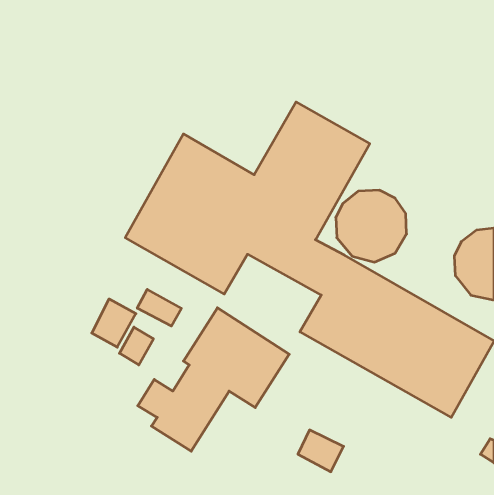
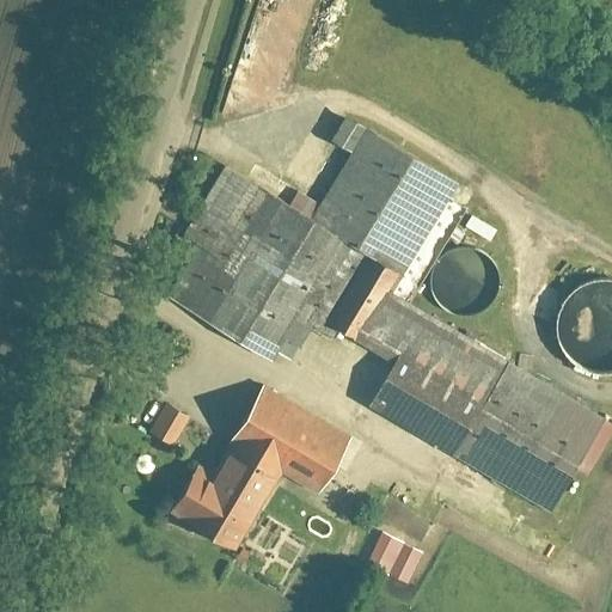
building: [137,289,181,326] -> none
building: [92,299,136,347] -> none

